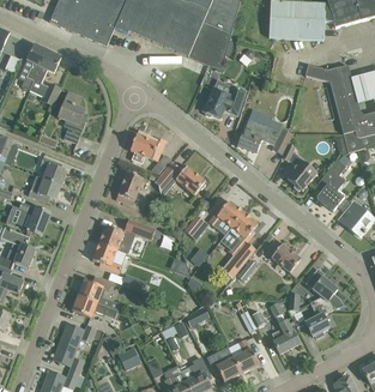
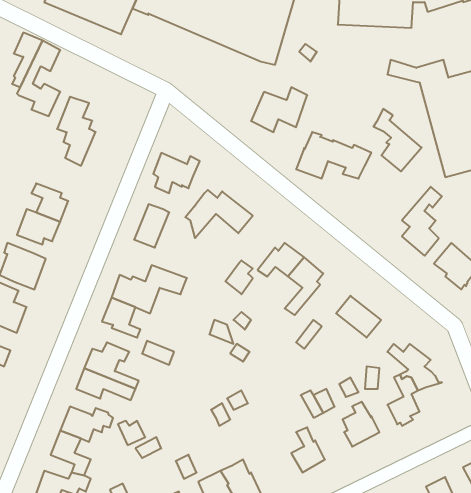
building: [282,143,317,189] -> [373,109,422,171]
building: [207,345,242,380] -> none

